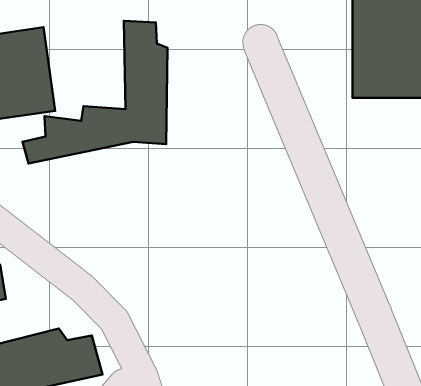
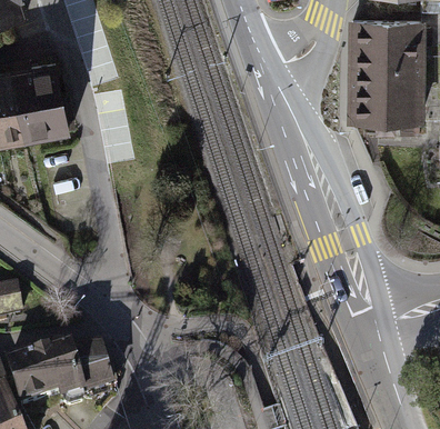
building: [23,21,167,164] -> none

